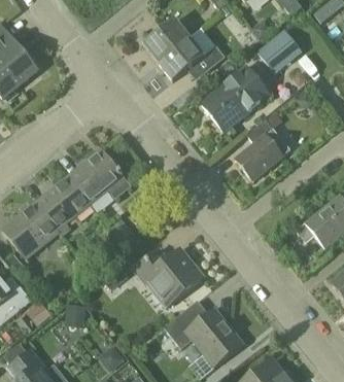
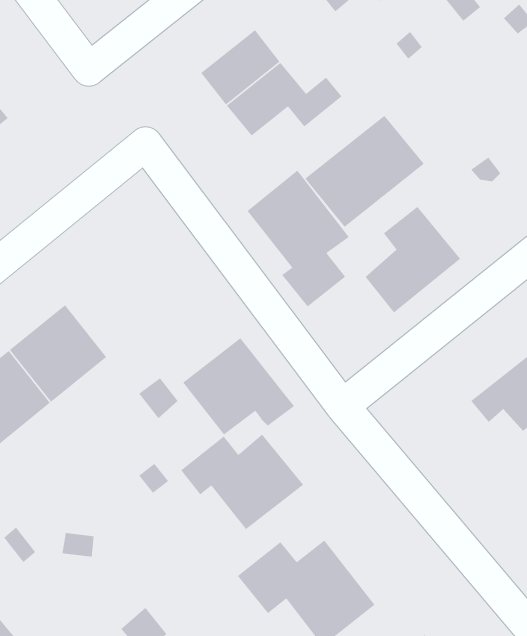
building: [257,29,302,73] -> none
building: none -> [246,170,350,308]
building: [67,148,131,204] -> [182,337,295,435]

